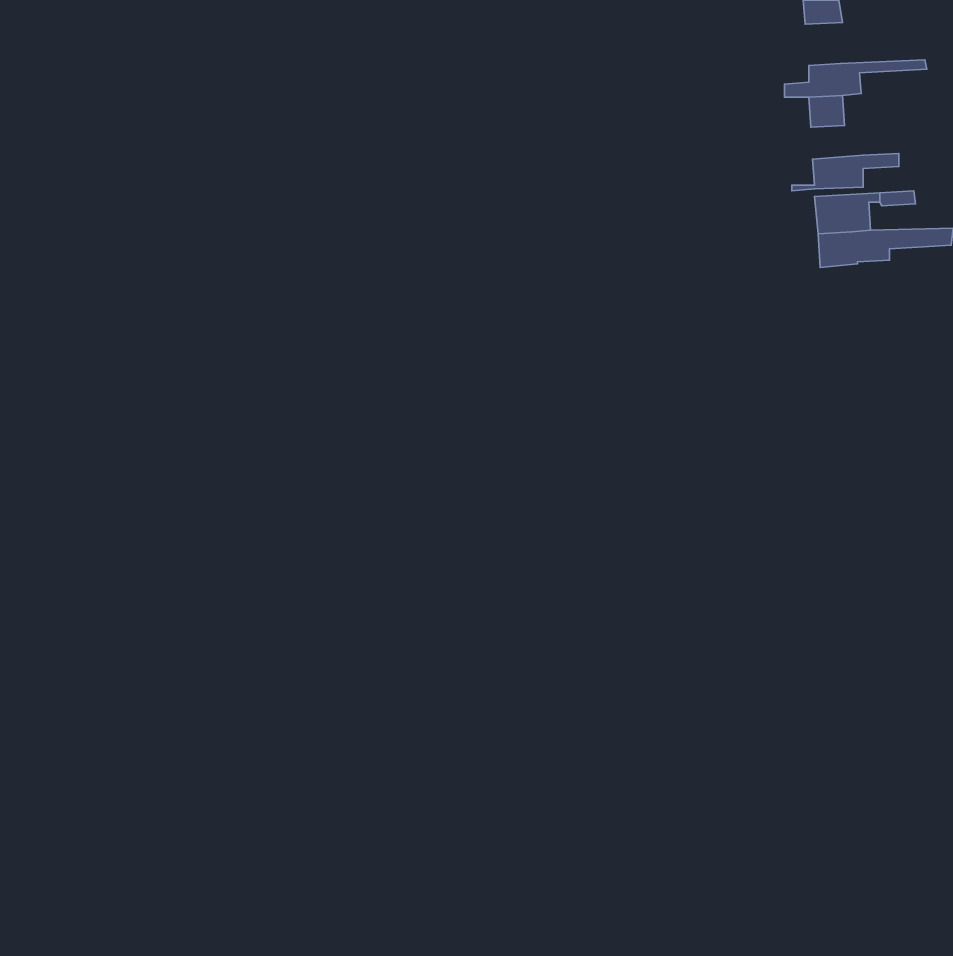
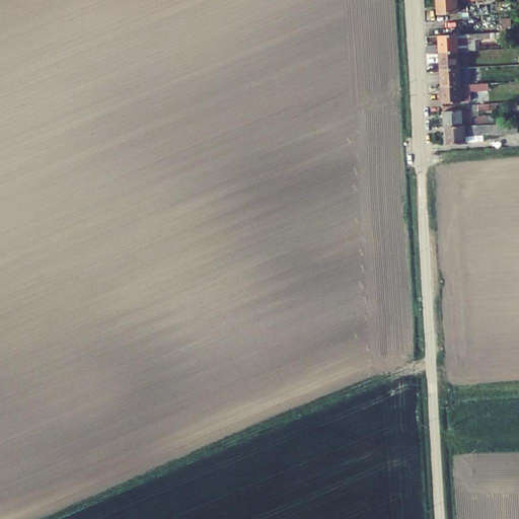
building: none -> [439,68,467,86]

